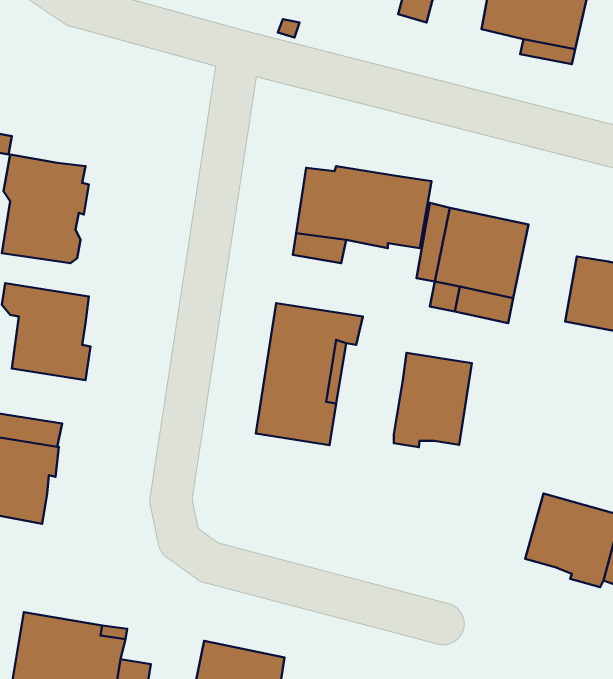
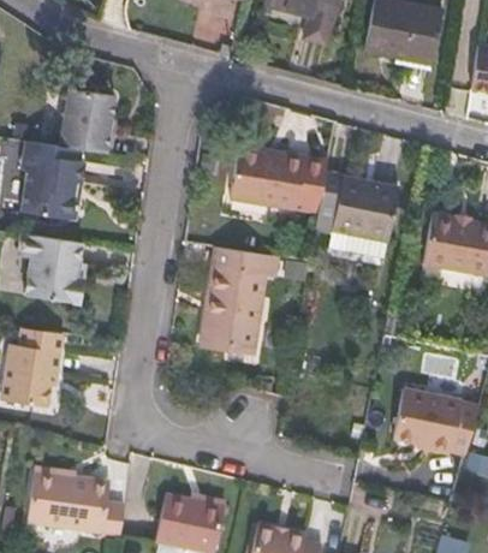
building: none -> [59,88,111,154]
building: [394,353,472,447] -> none

